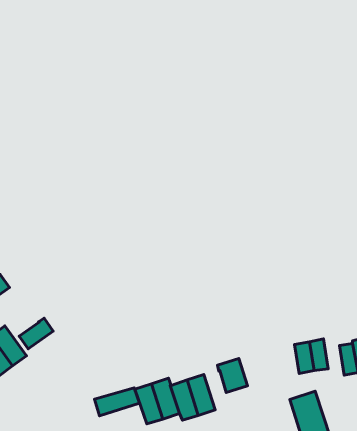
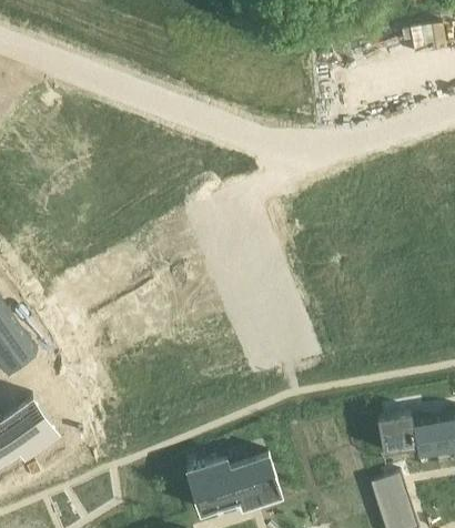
building: [19,318,53,349] -> none
building: none -> [412,417,435,459]
building: [218,359,248,392] -> none
building: [94,388,140,416] -> none

